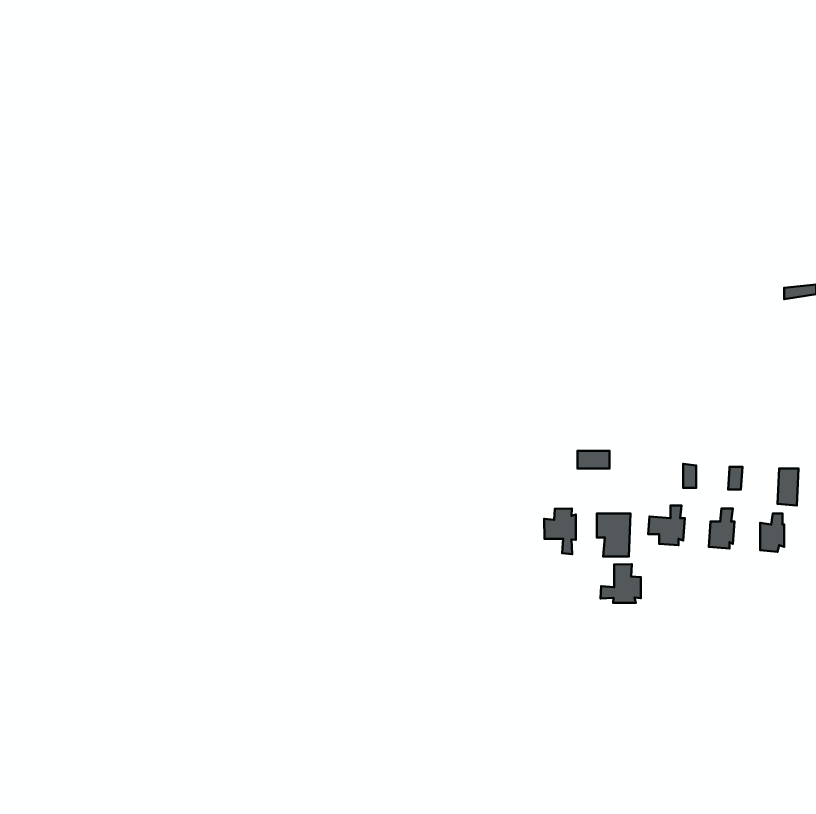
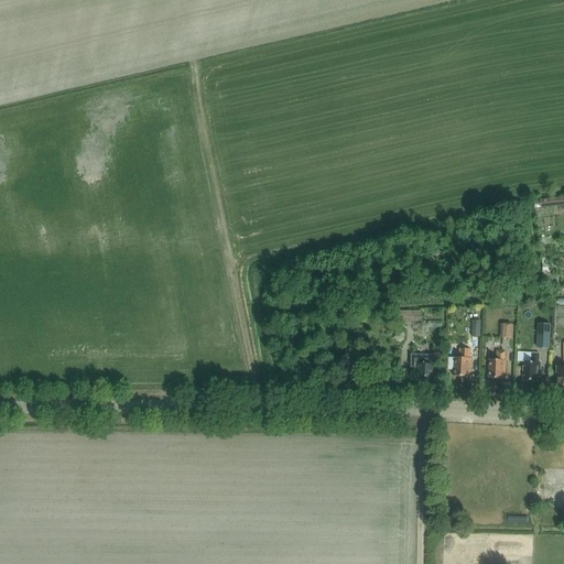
building: [544,509,576,554] -> none
building: [600,564,641,603] -> none

